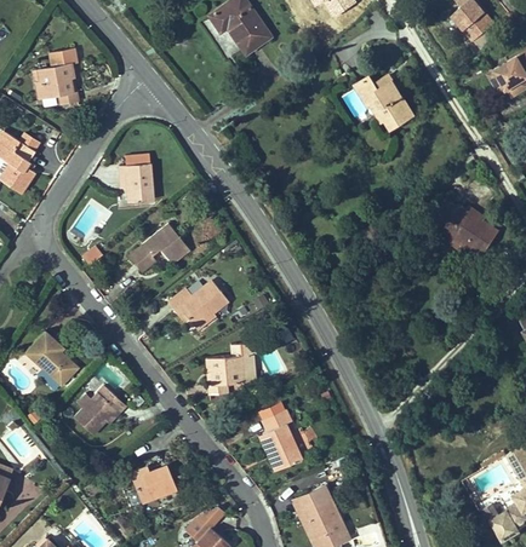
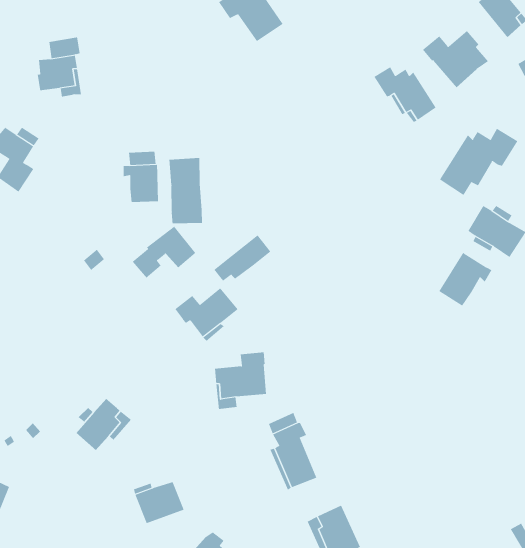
building: none -> [422,30,489,88]
building: none -> [439,128,518,196]
building: none -> [169,157,202,224]
building: none -> [213,235,271,281]
building: none -> [438,251,492,306]
building: [22,332,78,388] -> none

